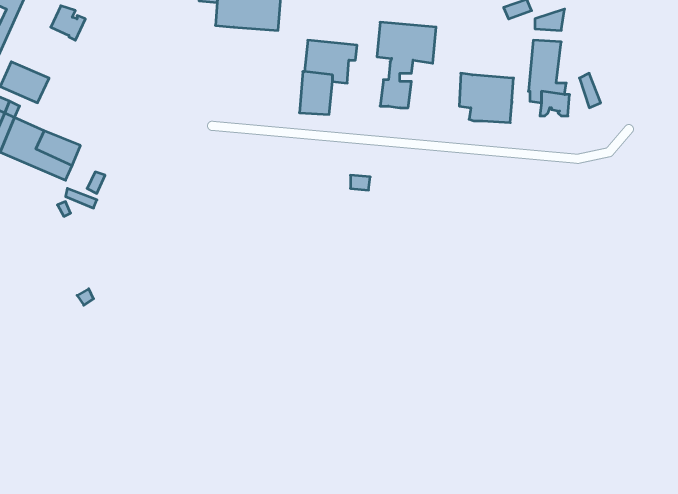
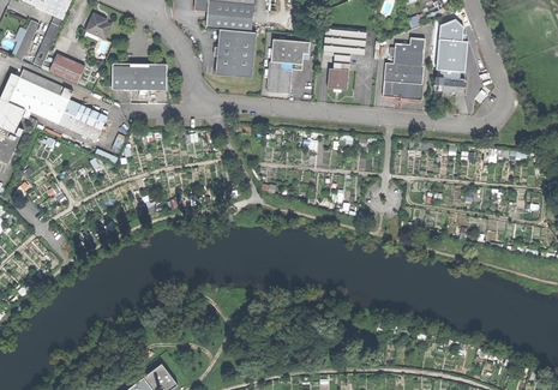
building: none -> [216,30,257,79]
building: none -> [394,38,425,67]
building: none -> [113,65,168,92]

